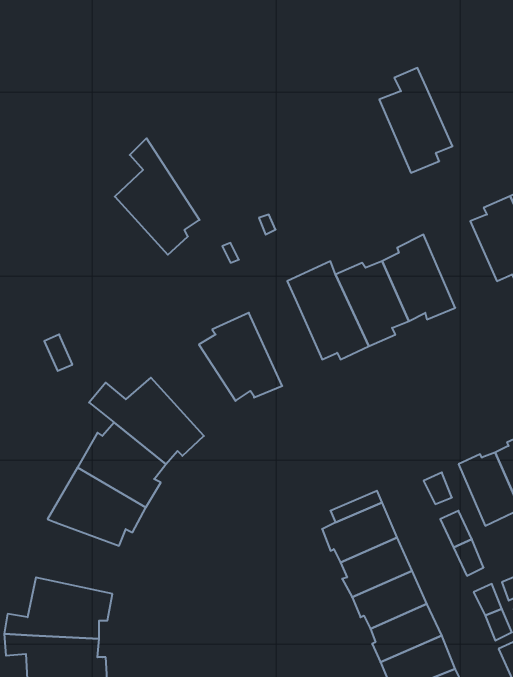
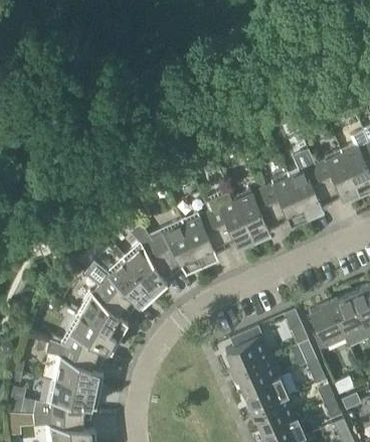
building: [379,68,453,173] -> [287,153,331,216]
building: [115,138,200,255] -> [122,224,173,294]
building: none -> [181,211,225,264]
building: none -> [46,340,103,390]

